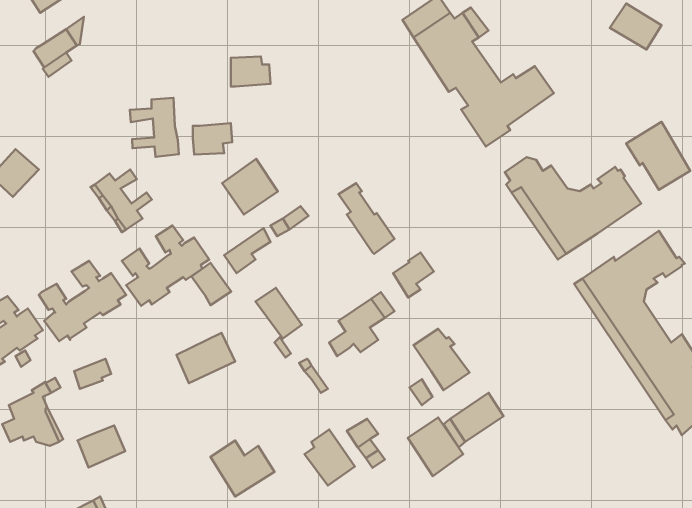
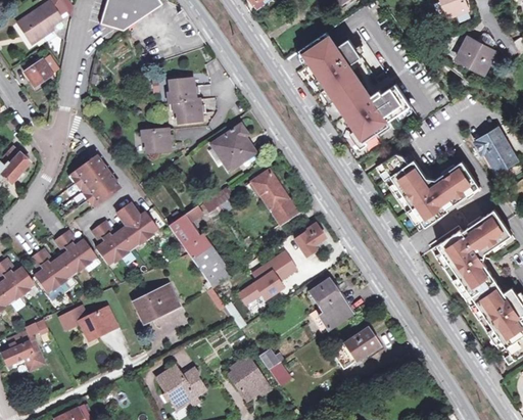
building: none -> [177,97,207,121]
building: [130,98,179,157] -> none
building: [222,159,278,215] -> [212,128,254,170]
building: [192,263,231,305] -> [178,229,207,261]
building: [408,417,463,476] -> none
building: [77,425,125,468] -> [77,307,112,338]

